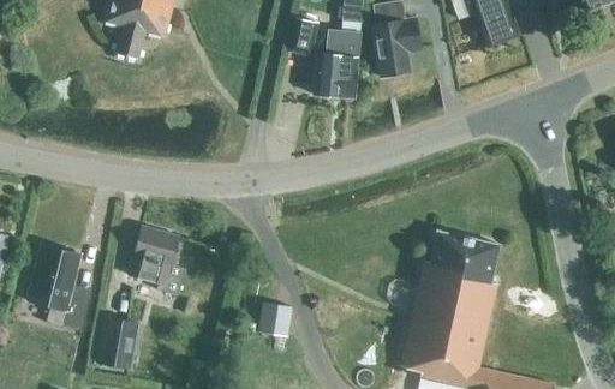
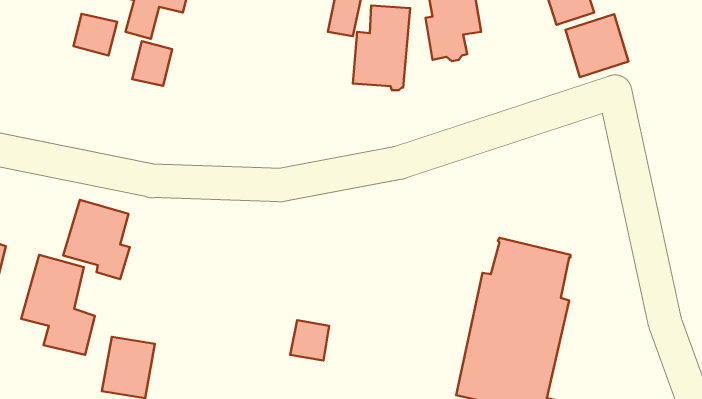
building: none -> [73,14,117,55]
building: none -> [566,14,629,77]
building: none -> [132,41,172,86]
building: [127,225,185,293] -> [63,200,130,279]

